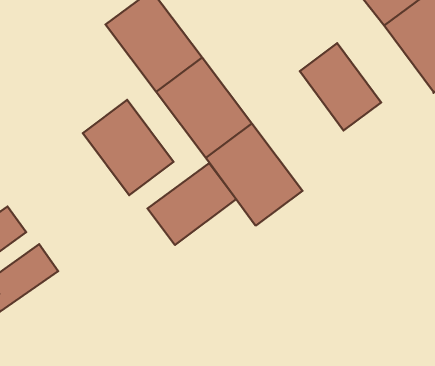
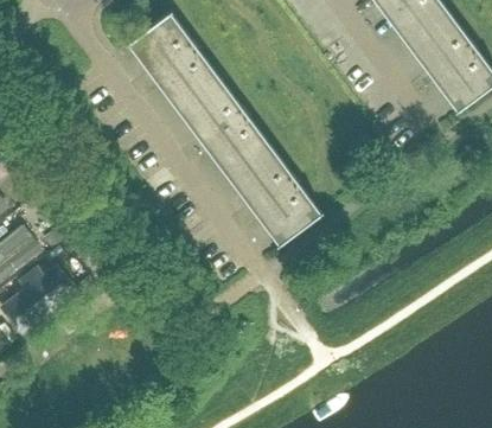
building: [300,43,381,130] -> none
building: [83,100,173,195] -> none
building: [147,163,236,245] -> none

